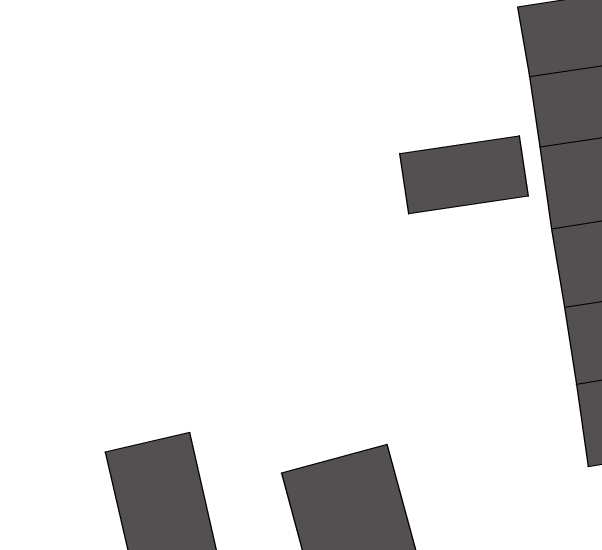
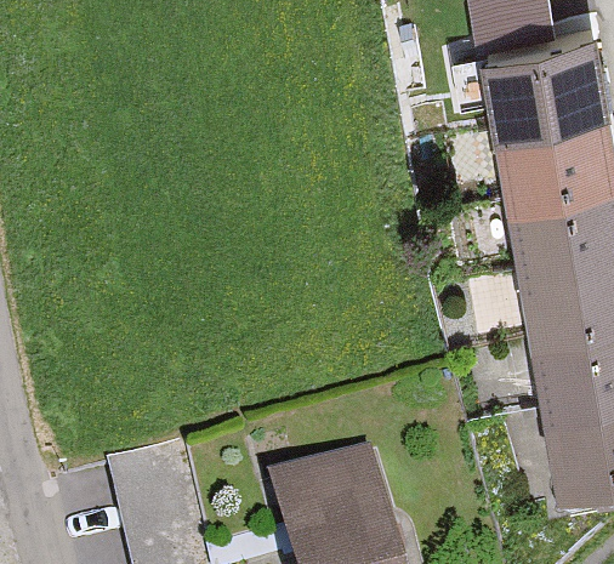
building: [400,136,528,214] -> none

